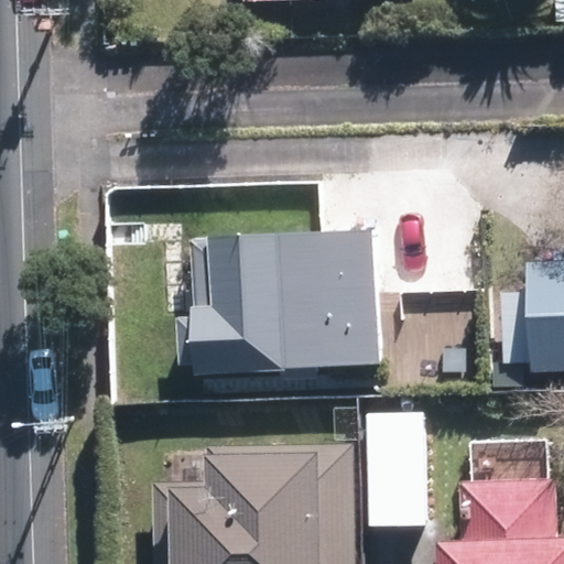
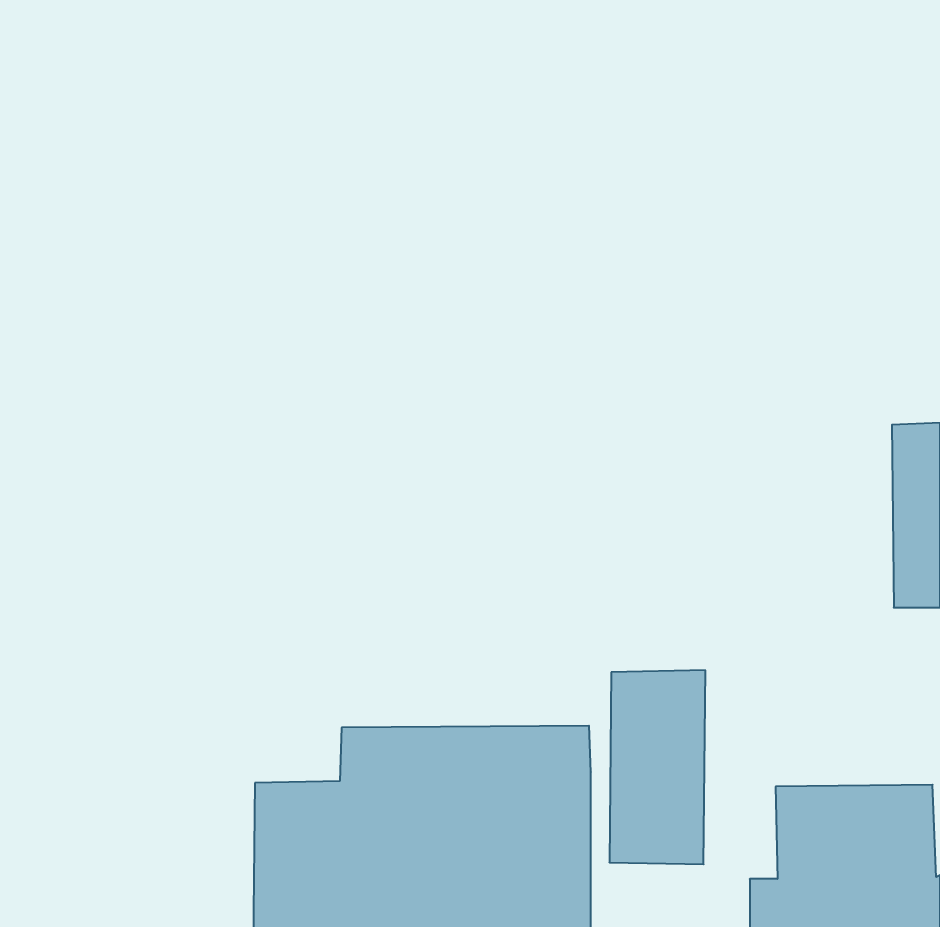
building: [198,234,381,376] -> none

